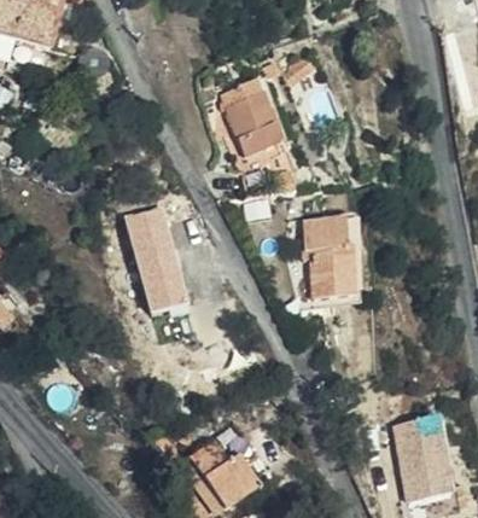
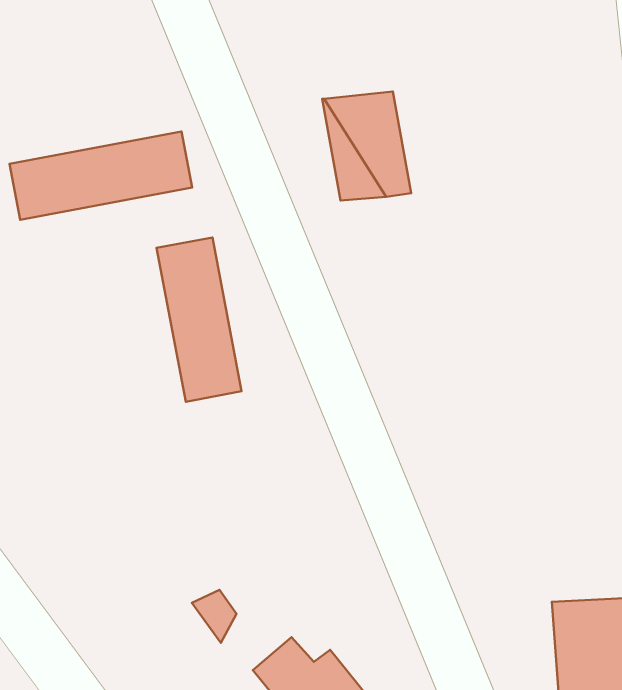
building: none -> [9,131,192,220]
building: [302,217,346,293] -> none

